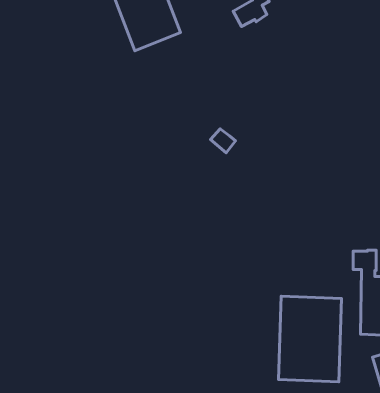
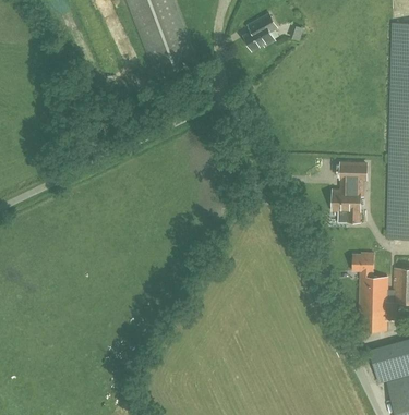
building: none -> [332,162,364,210]
building: [278,296,341,382] -> none

